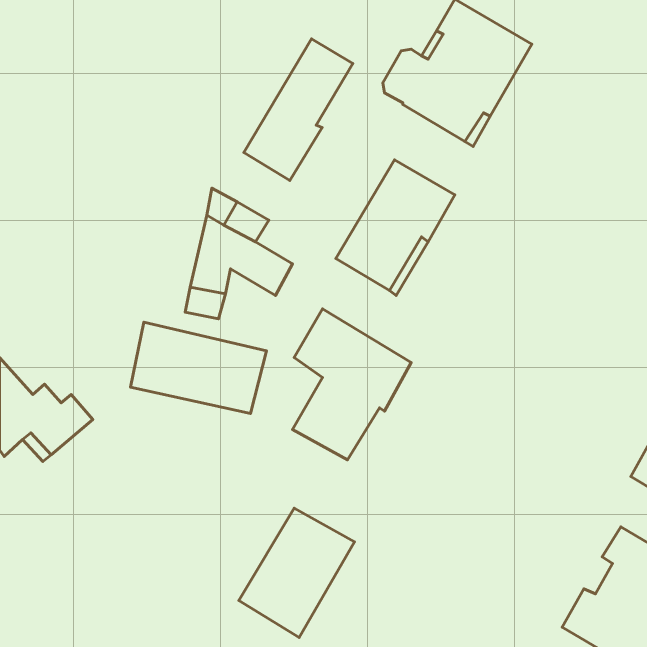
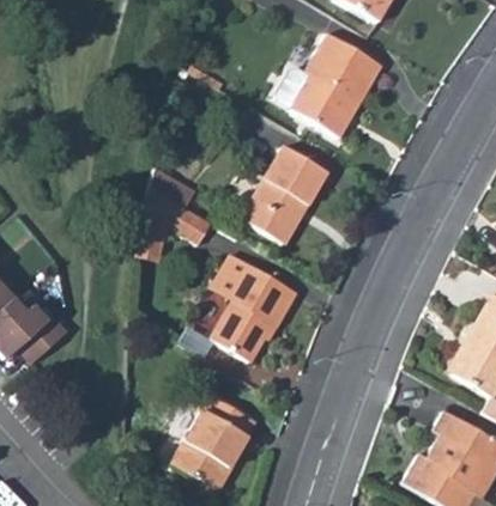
building: [244,39,353,181] -> none
building: [131,322,267,413] -> none

